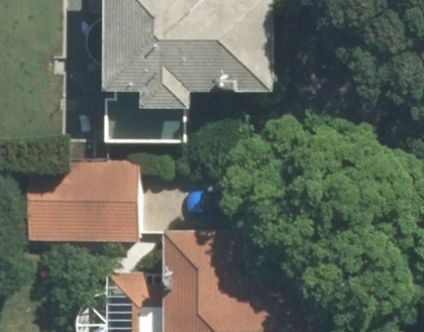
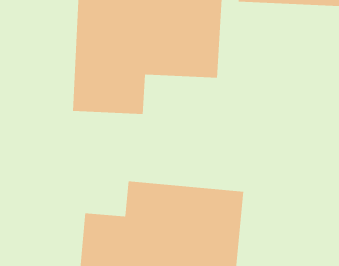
building: [11,156,145,246] -> none

